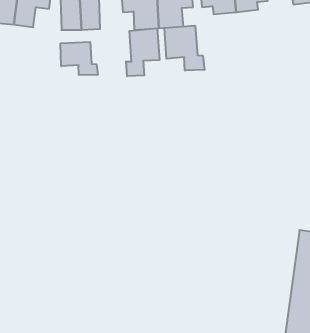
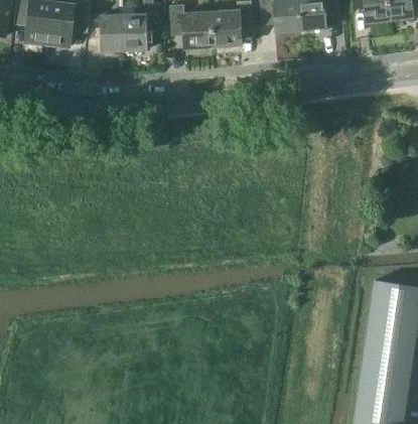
building: [165,26,204,71] -> none
building: [126,28,160,76] -> none
building: [61,42,98,75] -> none

